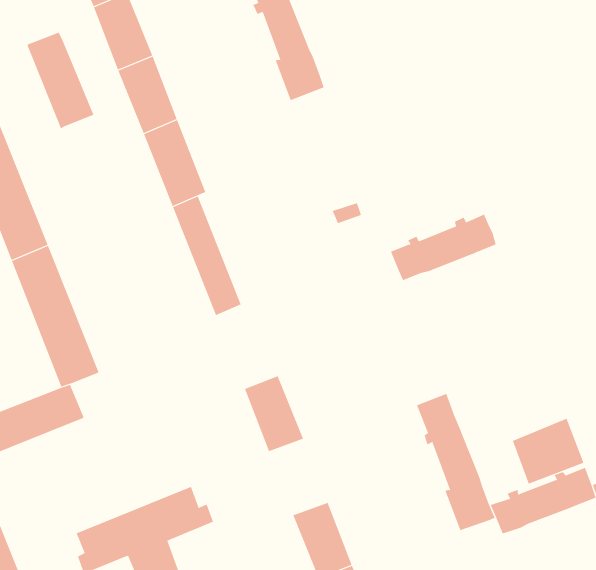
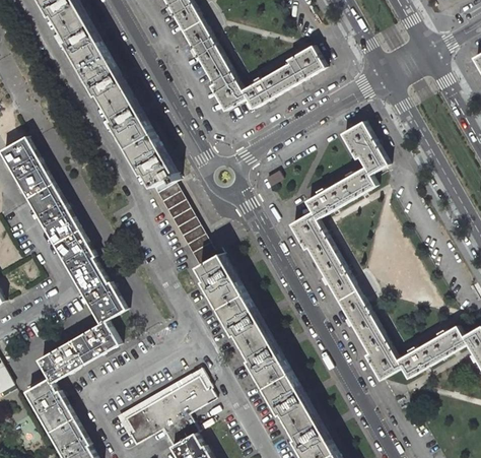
building: none -> [240,46,324,110]
building: [27,32,94,129] -> none
building: none -> [340,121,387,175]
building: none -> [289,211,356,301]
building: none -> [195,248,243,307]
building: [512,418,584,484] -> none
building: none -> [244,334,288,386]

